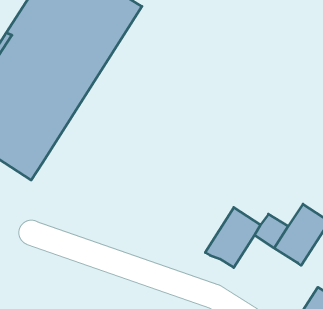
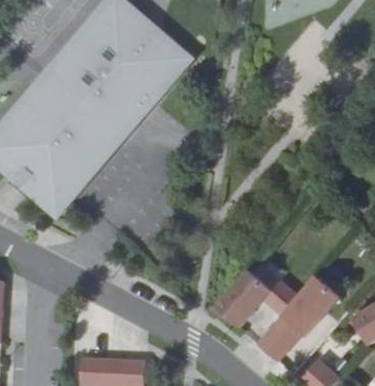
building: none -> [256,314,301,361]

